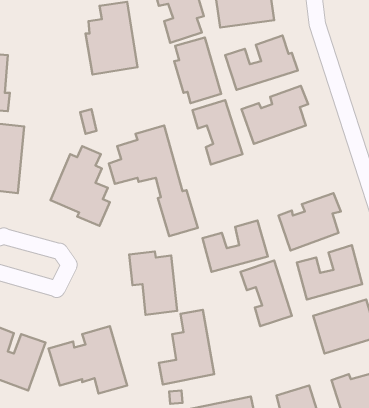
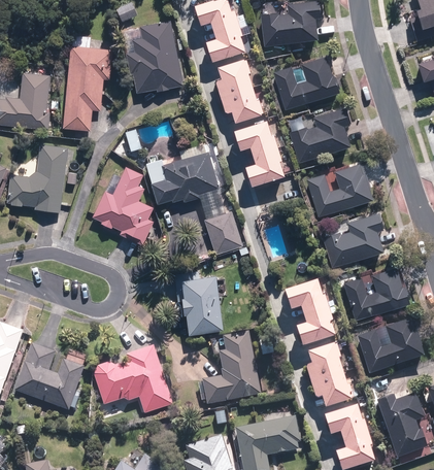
building: none -> [64,44,111,131]
building: [202,221,268,272] -> [305,162,371,213]
building: none -> [307,343,355,405]

